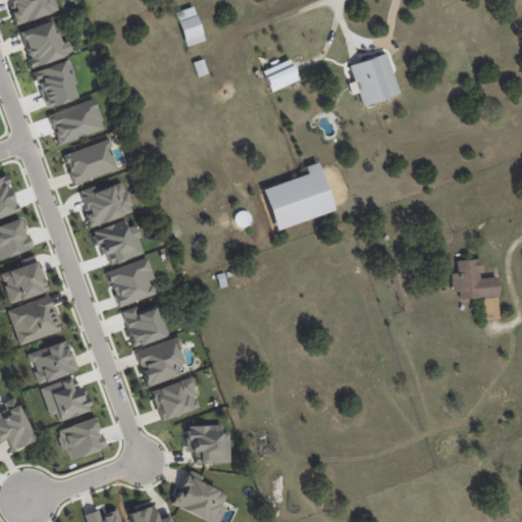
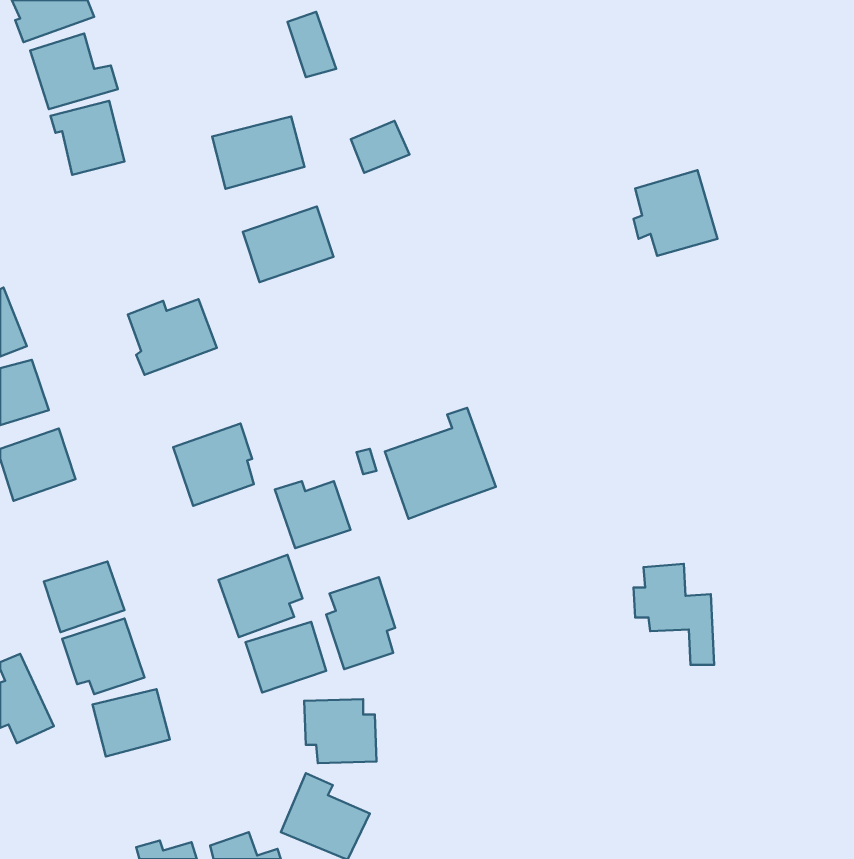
building: [350,53,401,105] -> [634,170,718,256]
building: [264,59,300,91] -> [351,121,410,173]
building: [49,100,105,144] -> [212,116,305,189]
building: [64,139,119,185] -> [243,207,334,282]
building: [264,162,331,229] -> [385,408,496,519]
building: [94,219,146,264] -> none
building: [452,258,501,319] -> [633,564,714,665]
building: [8,295,63,345] -> none
building: [122,306,168,347] -> [275,481,350,548]
building: none -> [326,577,395,669]

